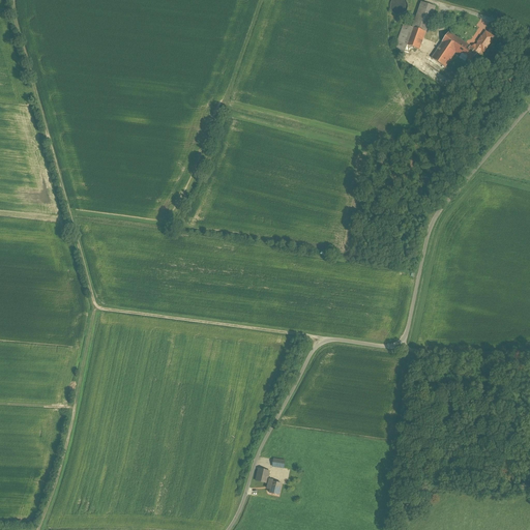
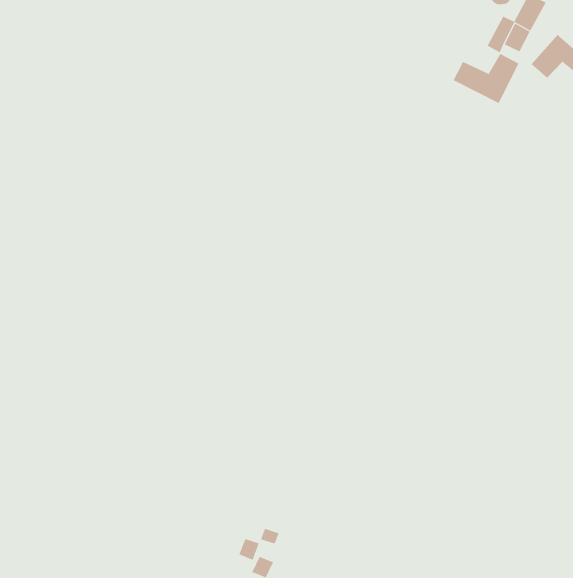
building: none -> [453,53,519,104]

